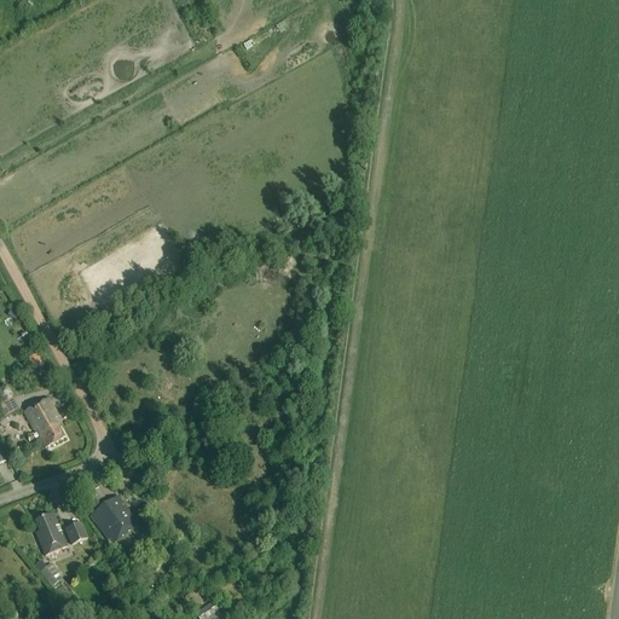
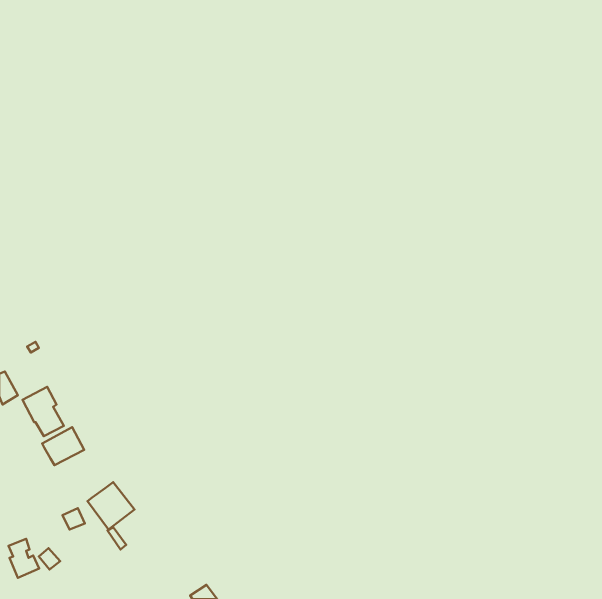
building: none -> [42,427,84,465]
building: [35,513,66,553] -> [8,539,39,578]

